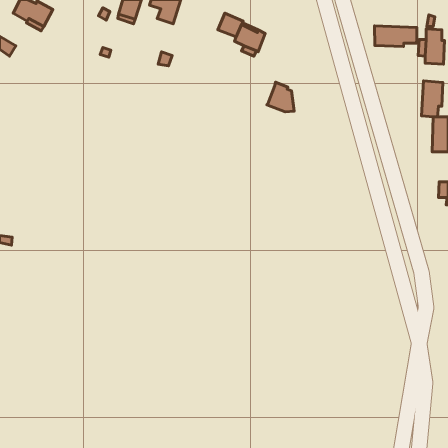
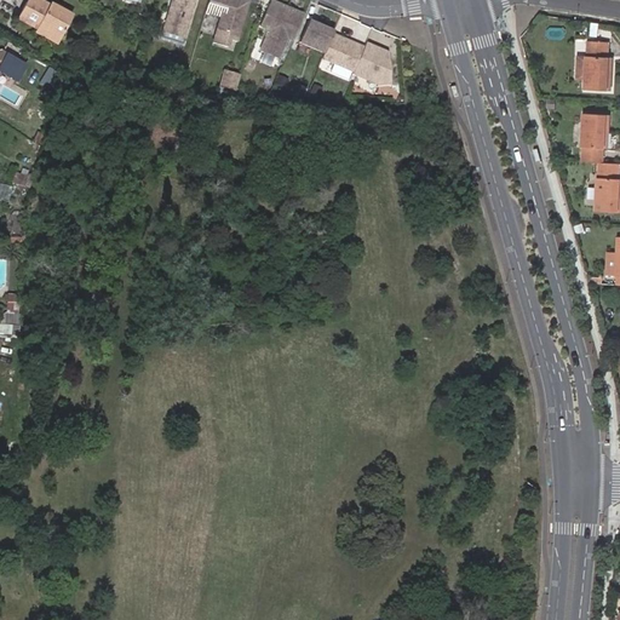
building: none -> [260,5,303,56]
building: [374,26,417,47] -> none
building: [267,82,294,112] -> [355,41,392,82]

